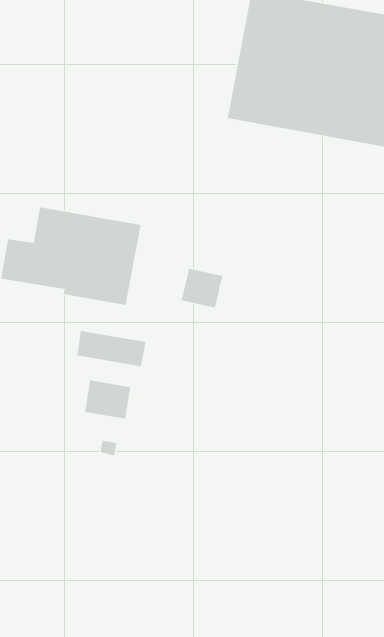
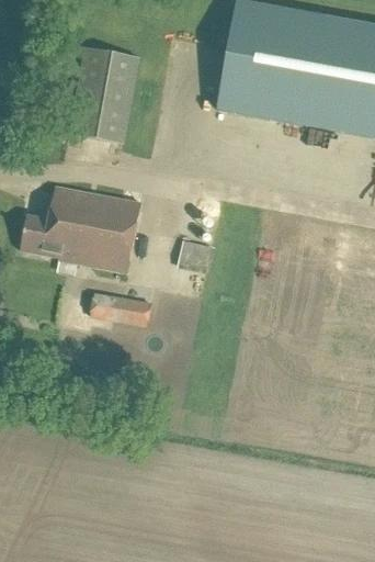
building: none -> [66,45,139,142]
building: [84,380,131,420] -> none

